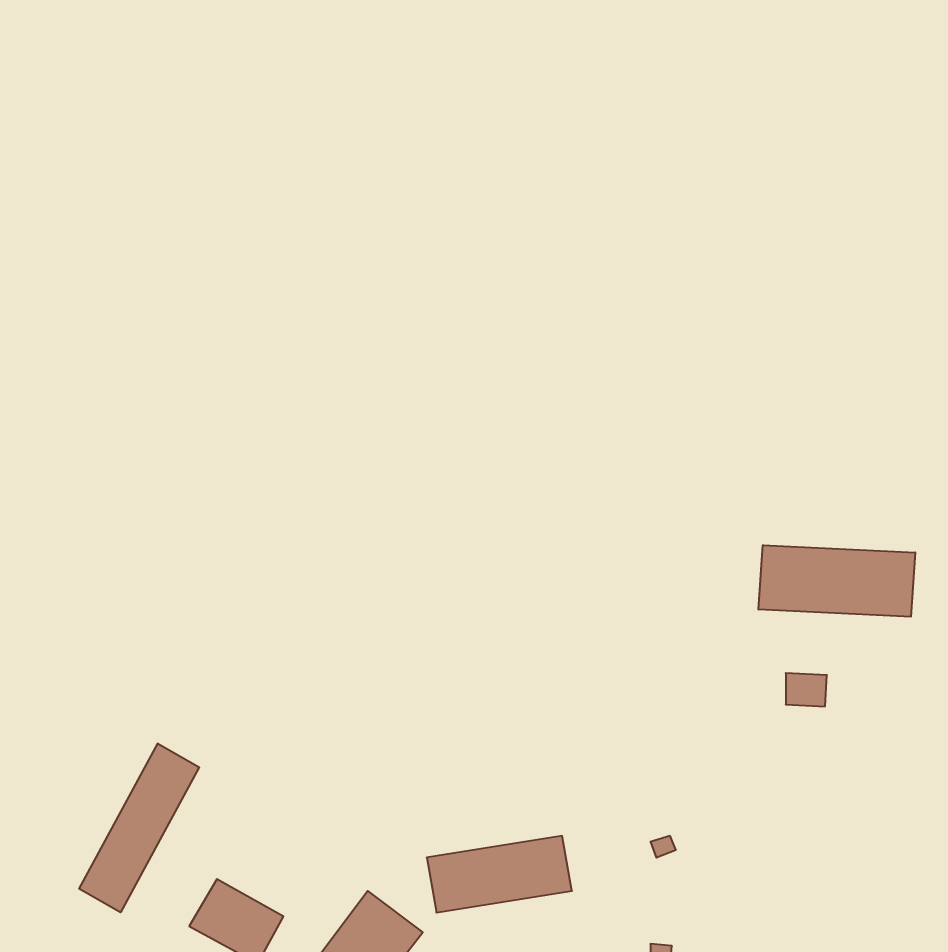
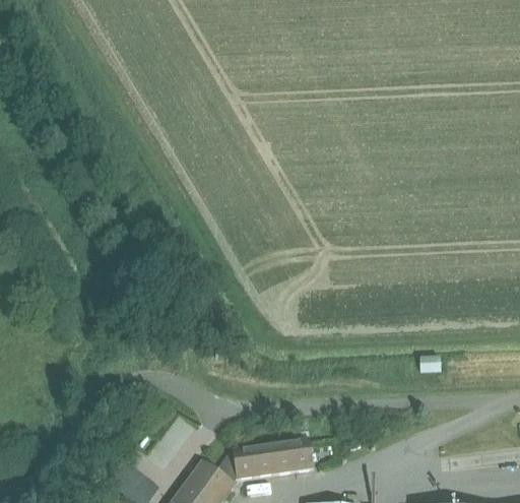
building: [759,545,915,617] -> none
building: [79,743,199,912] -> none

